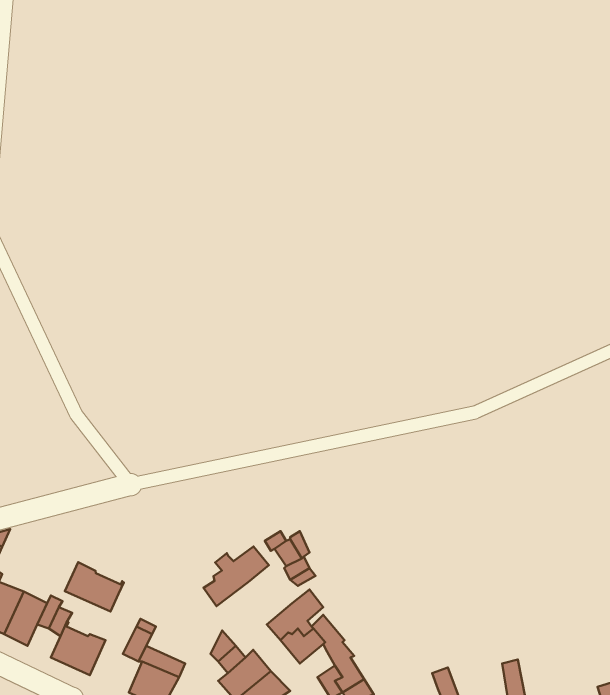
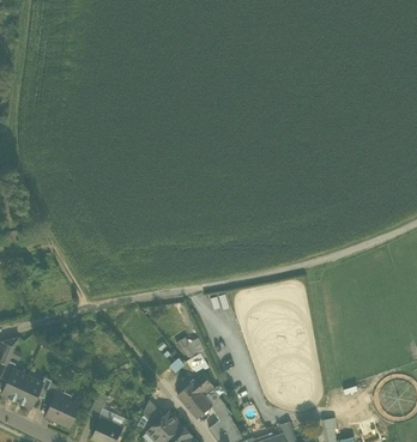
building: [203,547,269,606] -> none
building: [65,562,124,612] -> none

